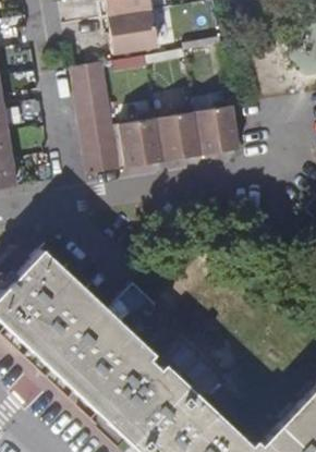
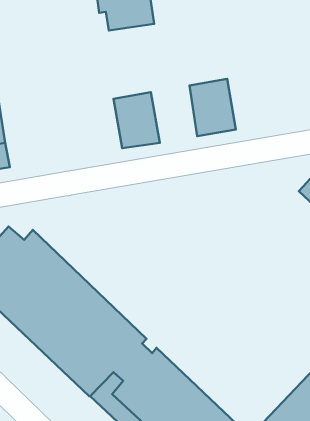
building: [73,59,129,173] -> none
building: [158,106,204,162] -> none

